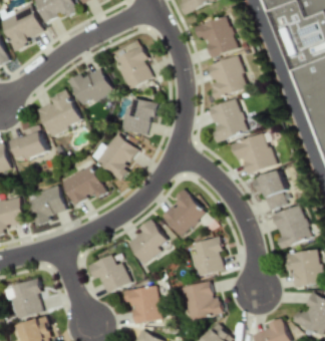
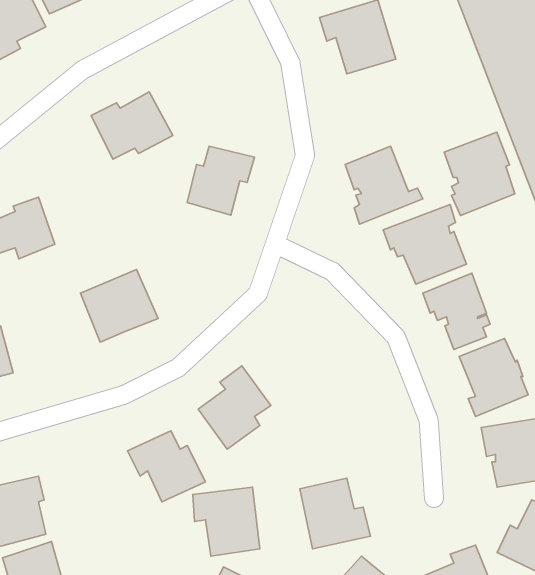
building: [116,46,152,88] -> none
building: [207,53,246,99] -> [444,132,515,216]
building: [37,89,82,136] -> none
building: [96,133,138,182] -> none
building: [27,186,66,222] -> none
building: [160,191,206,237] -> none
building: [194,237,224,277] -> none

